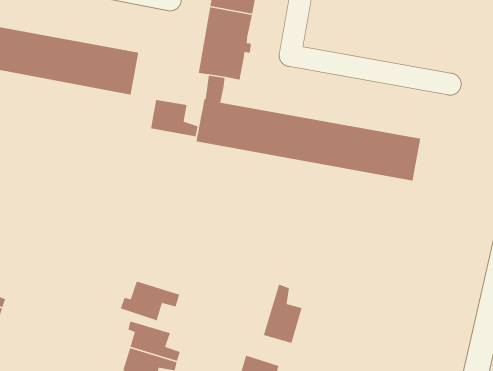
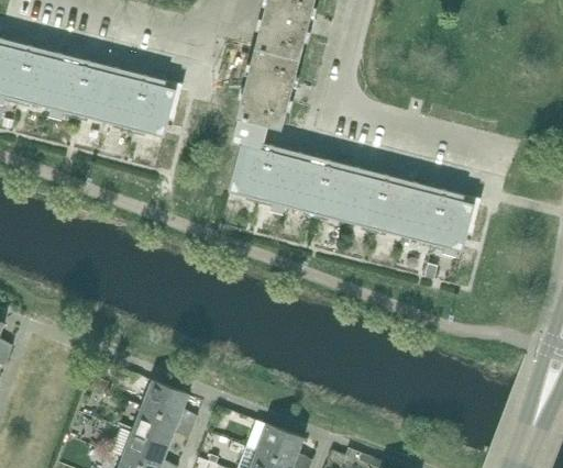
building: [150,99,199,137] -> none
building: [120,280,180,321] -> none
building: [263,284,303,346] -> none

